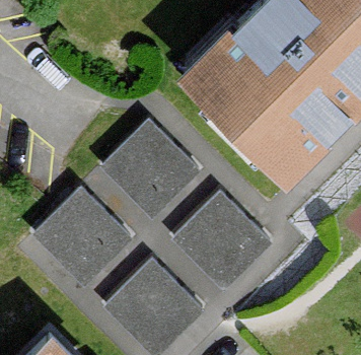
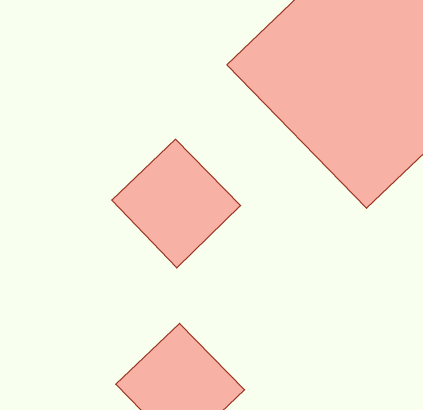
building: [31,190,127,286] -> none
building: [170,194,267,290] -> none

